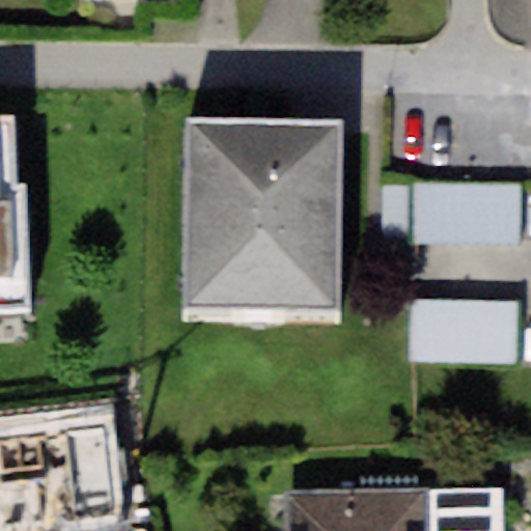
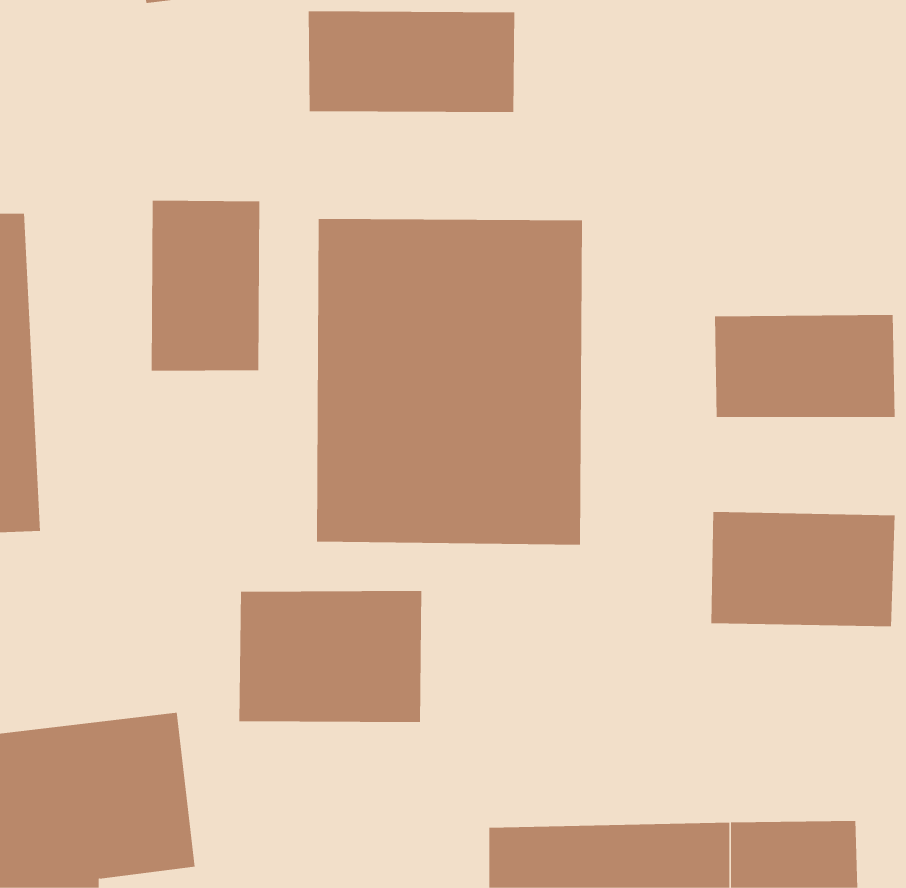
building: none -> [308,11,515,113]
building: none -> [151,200,260,372]
building: none -> [239,590,422,723]

